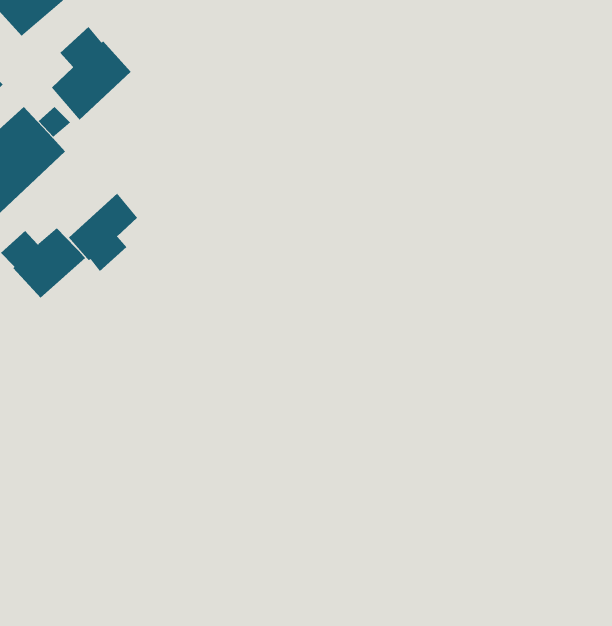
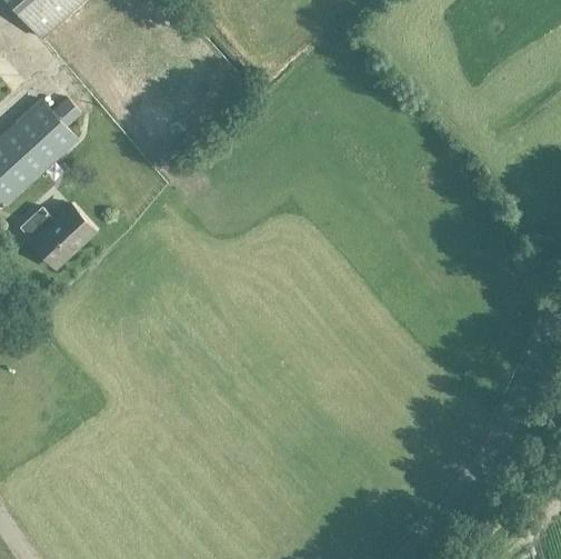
building: [51,26,132,120] -> none
building: [68,193,138,272] -> none

